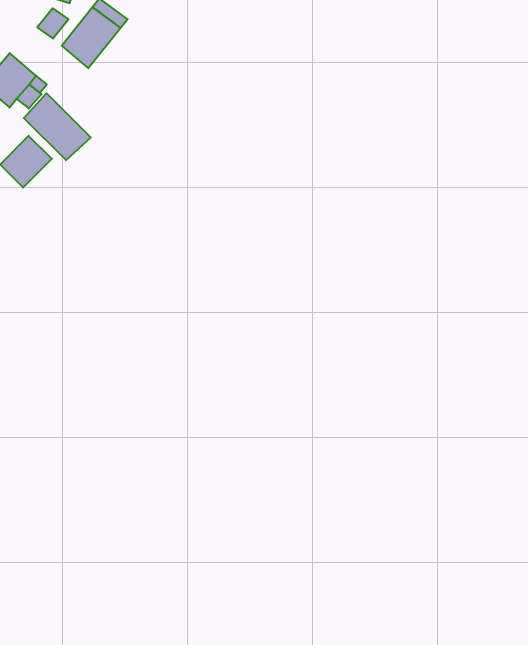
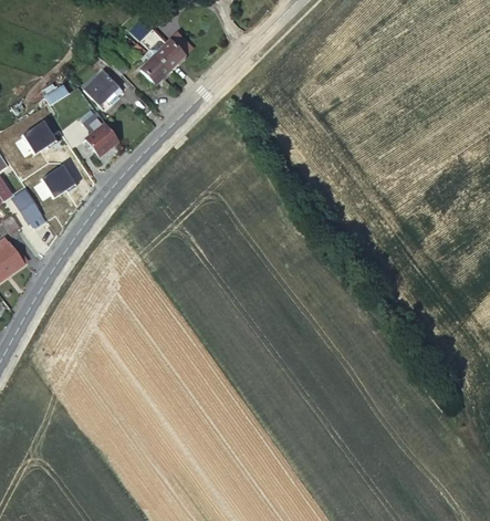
building: [24,93,91,160] -> none

